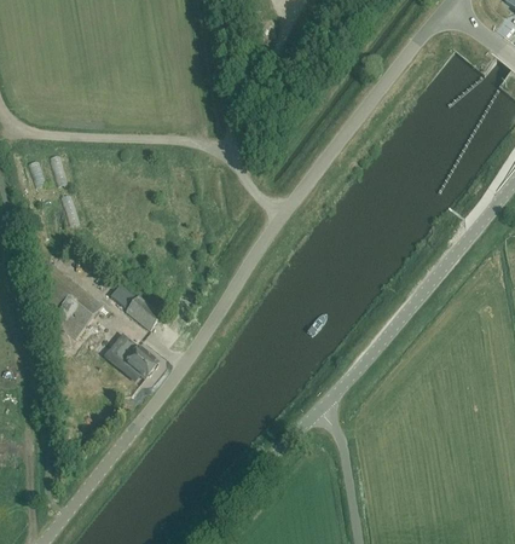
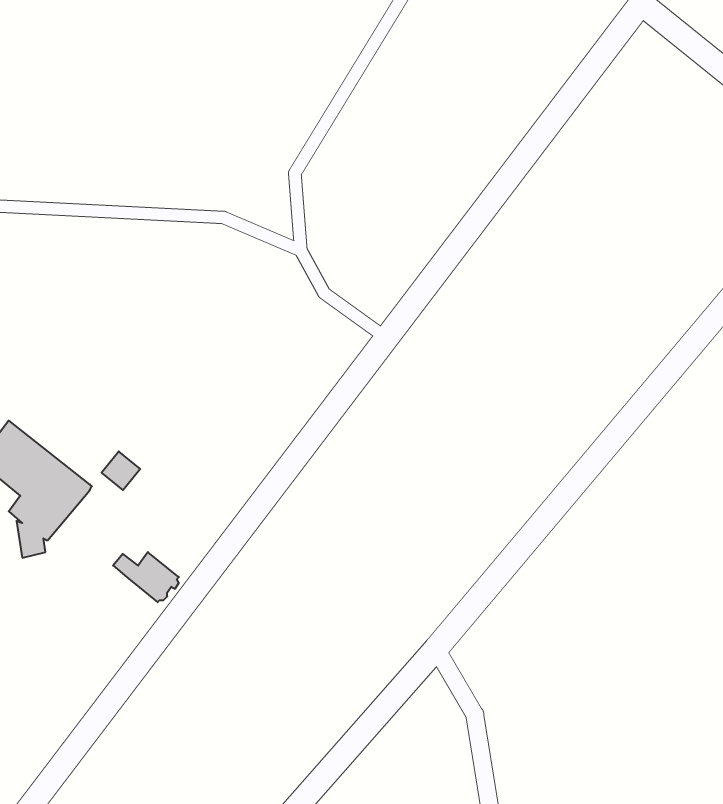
building: [125,295,162,331] -> none

